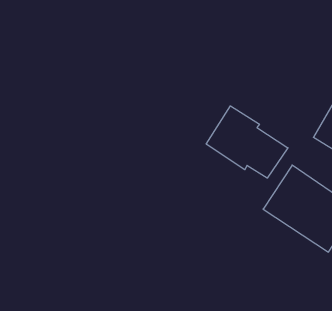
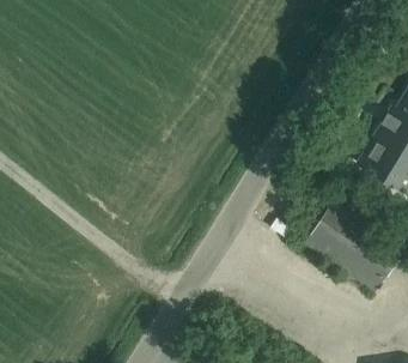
building: [206,106,288,178] -> none

